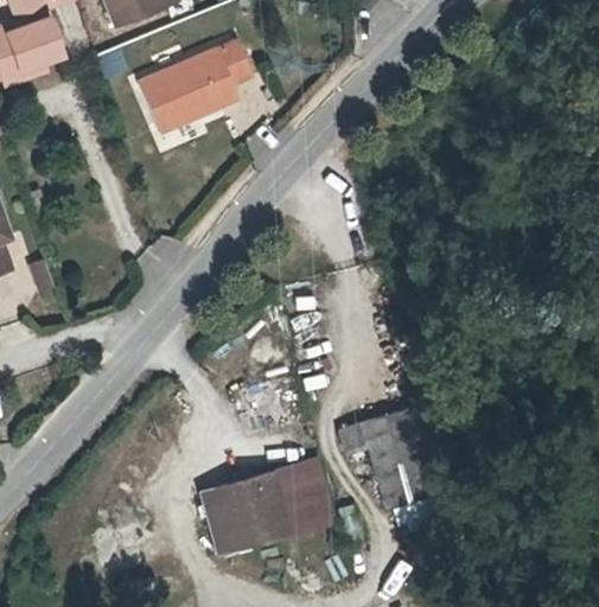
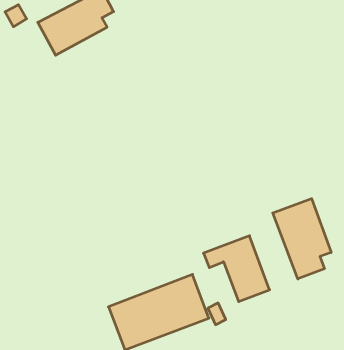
building: none -> [273,199,331,279]

